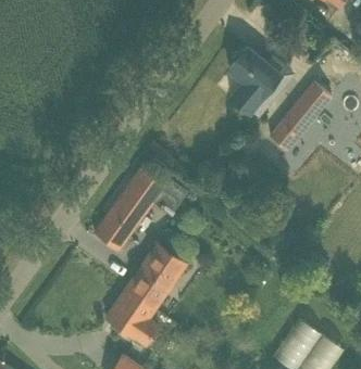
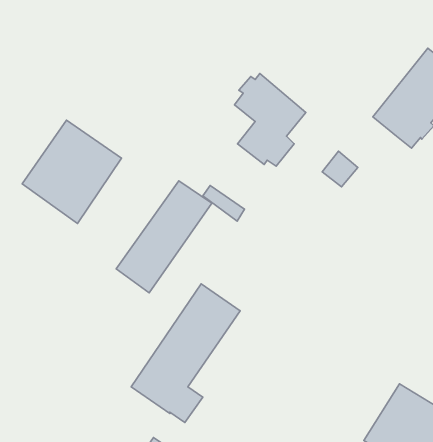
building: [227,48,279,115] -> [234,74,306,166]
building: none -> [22,120,122,223]

